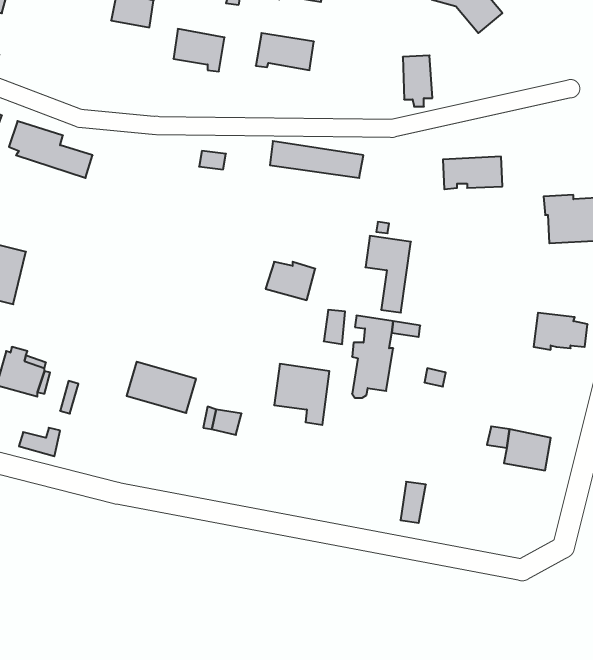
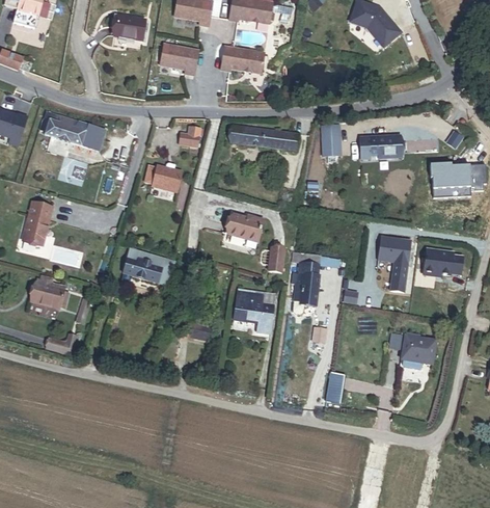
building: [403,55,432,107] -> [320,123,342,160]
building: none -> [152,163,181,190]
building: [365,236,411,313] -> [380,237,413,293]
building: [127,362,196,413] -> [122,247,173,285]

